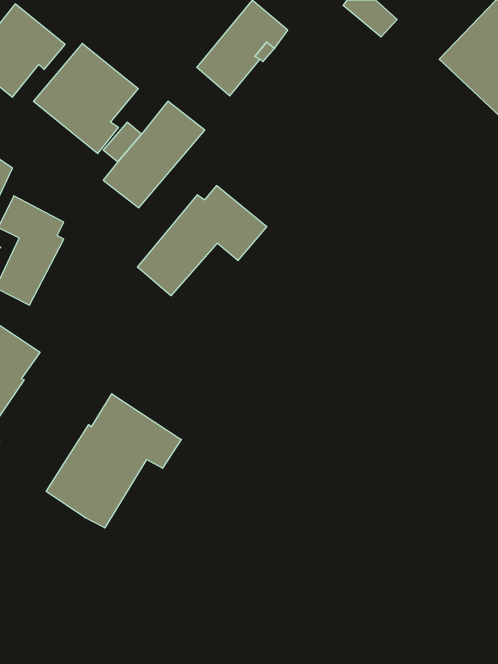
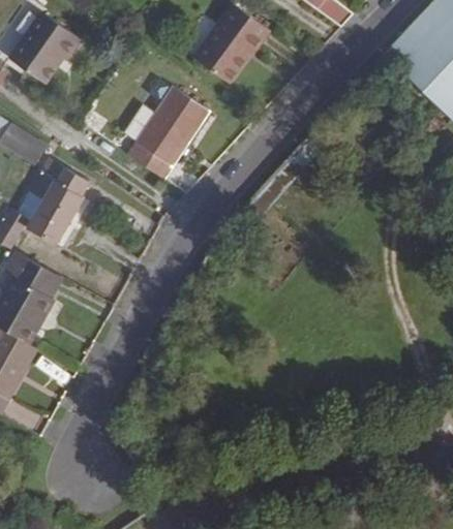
building: [34,43,138,154] -> none
building: [137,186,267,296] -> none
building: [46,394,181,528] -> none

